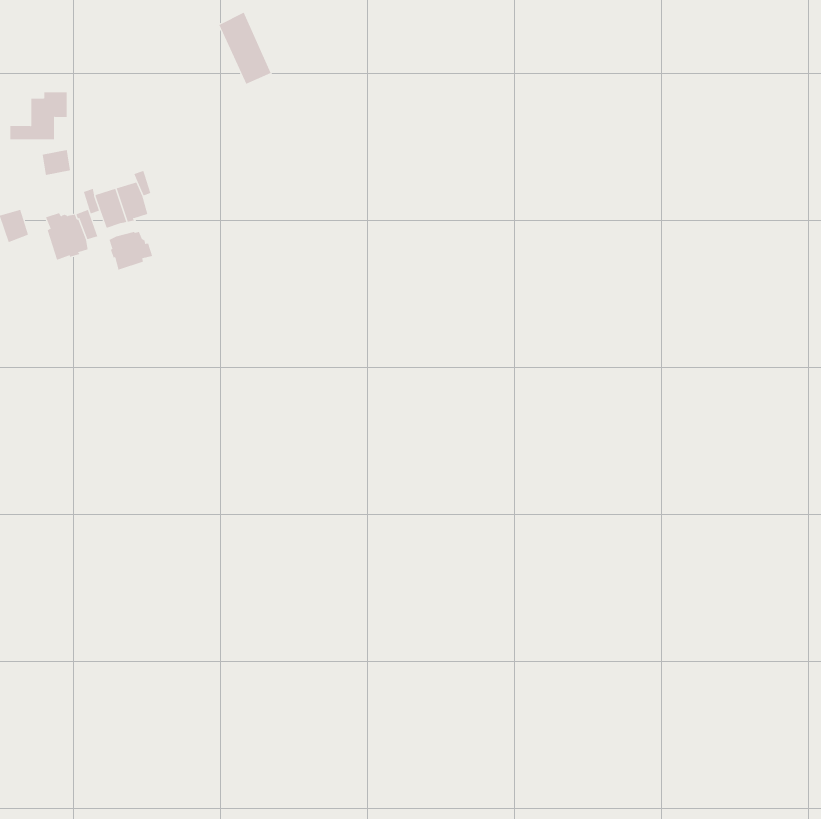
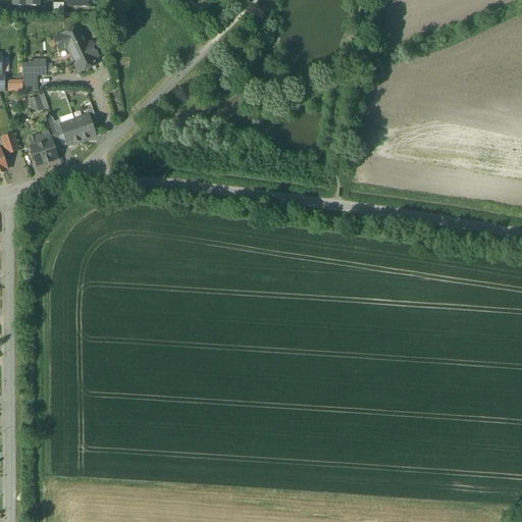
building: [218,12,271,84] -> [61,25,95,71]
building: [109,231,153,270] -> none

